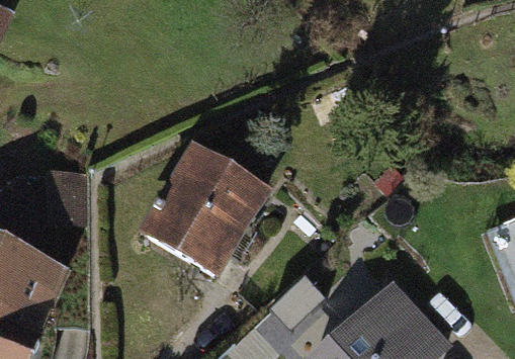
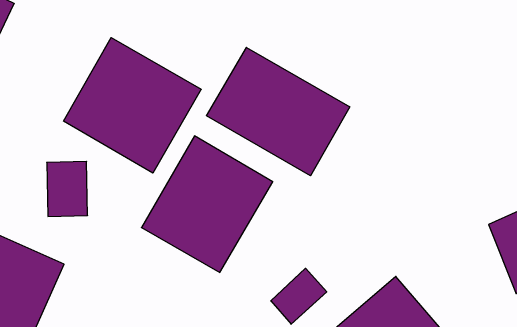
building: none -> [64,38,201,173]
building: none -> [206,47,350,176]

